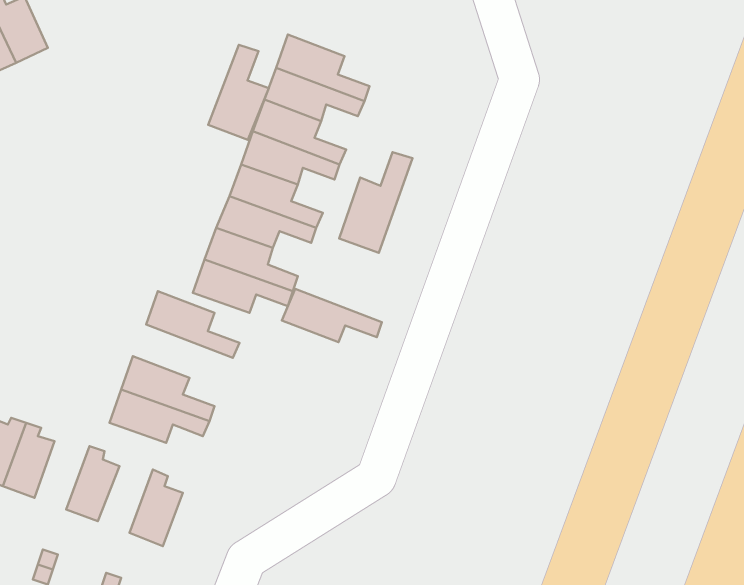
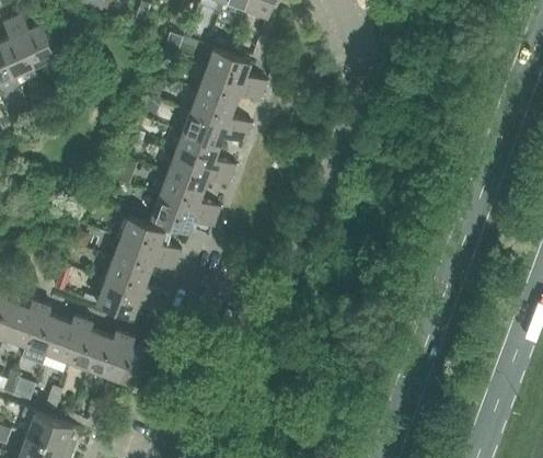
building: [208,45,269,140] -> none
building: [339,152,412,253] -> none
building: [282,289,382,342] -> [111,240,176,275]
building: none -> [46,317,82,362]
building: none -> [88,332,124,377]

